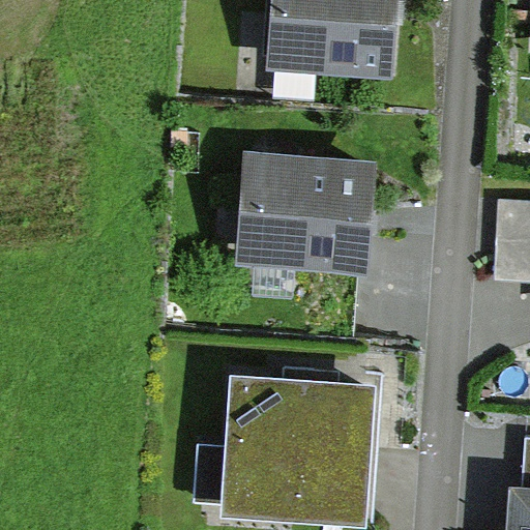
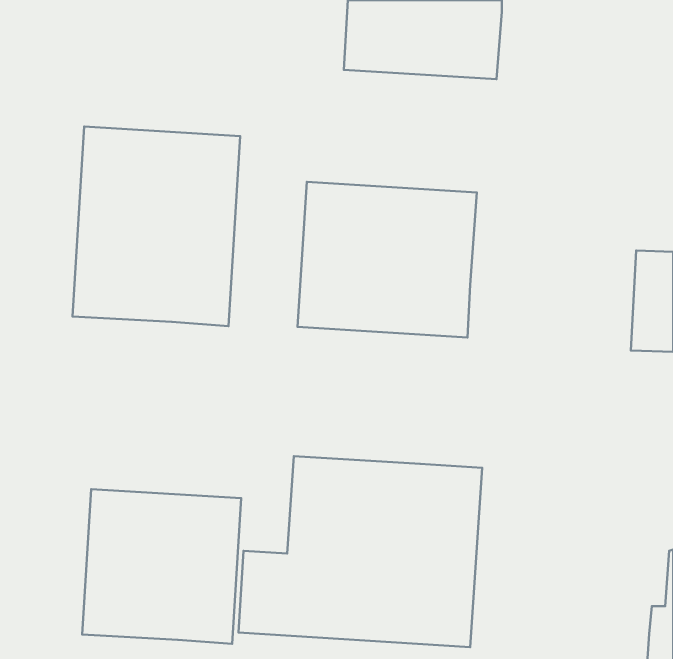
building: none -> [72,127,240,326]
building: none -> [82,489,241,644]

